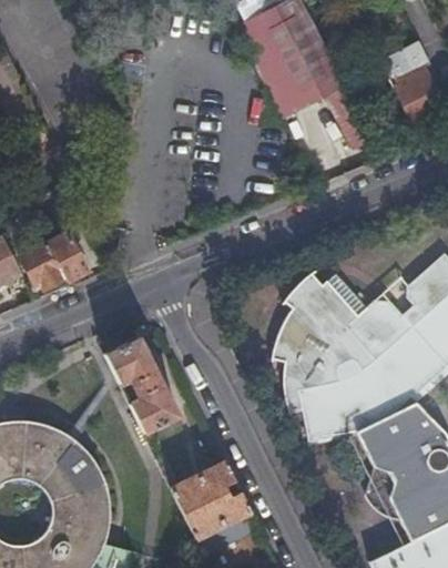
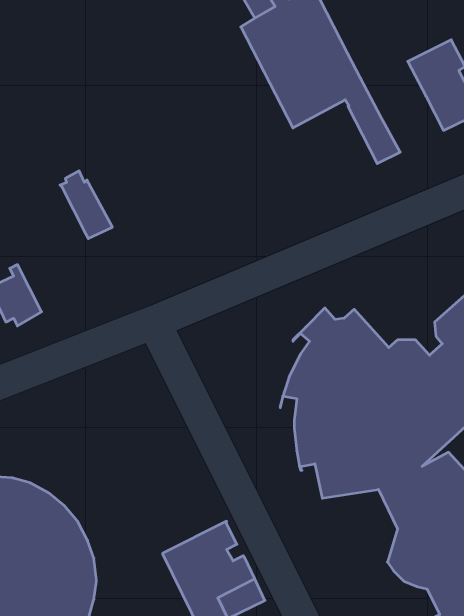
building: [42,224,88,283] -> [60,171,112,239]
building: [104,337,180,435] -> none

